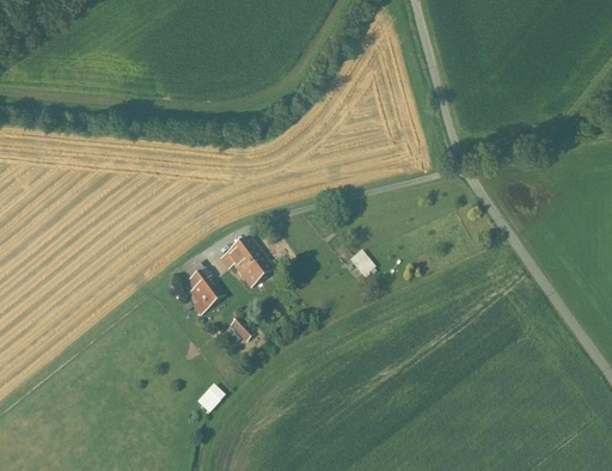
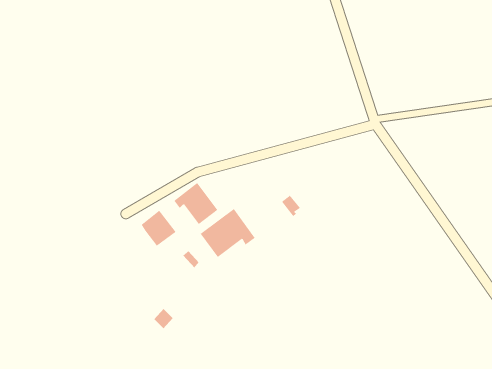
building: none -> [200,208,255,258]

